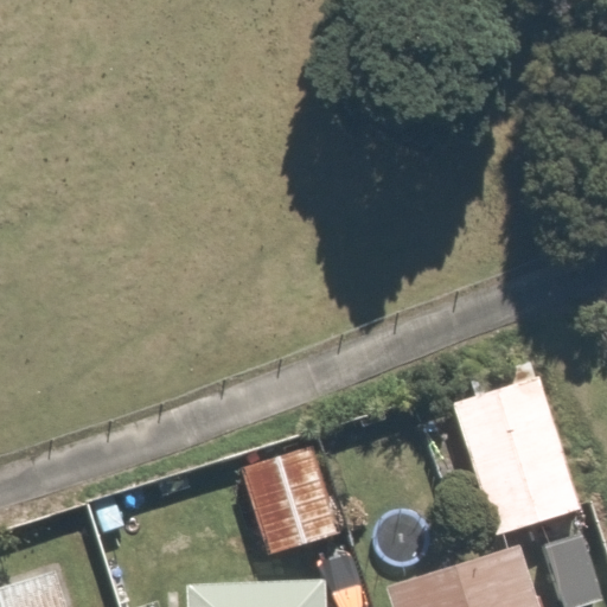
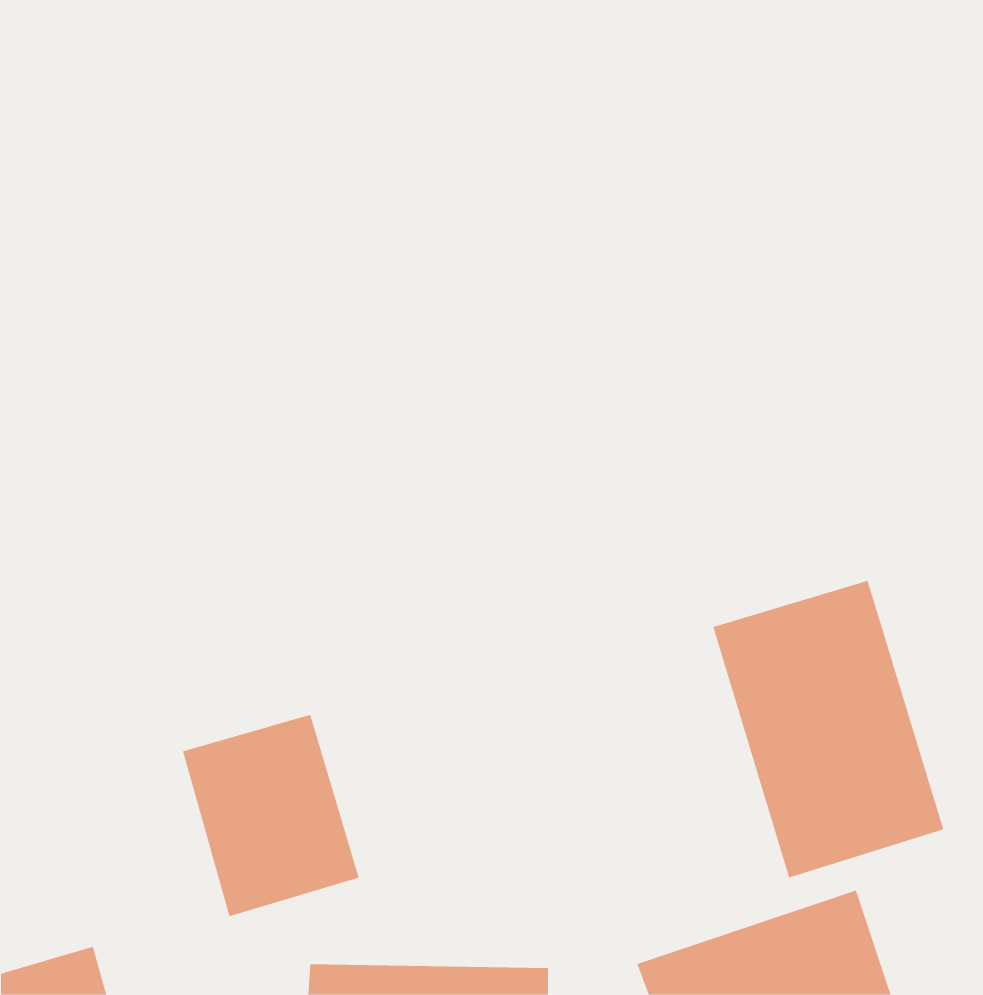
building: [229,440,337,563] -> [182,714,359,917]

